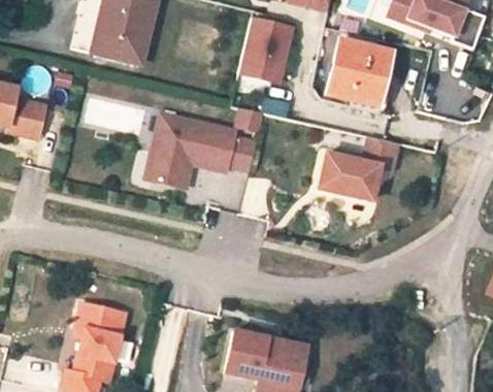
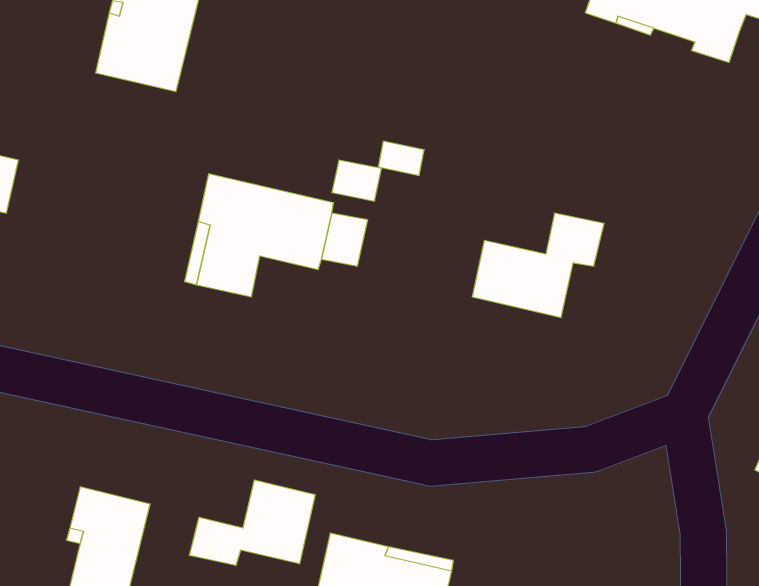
building: [237,19,289,83] -> none
building: [328,40,395,104] -> none
building: none -> [189,480,315,566]

